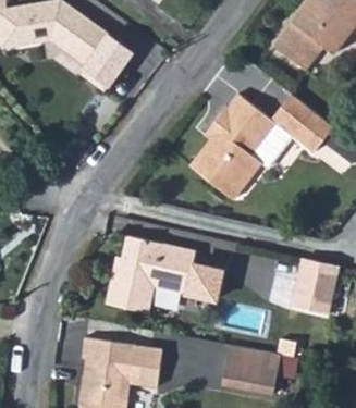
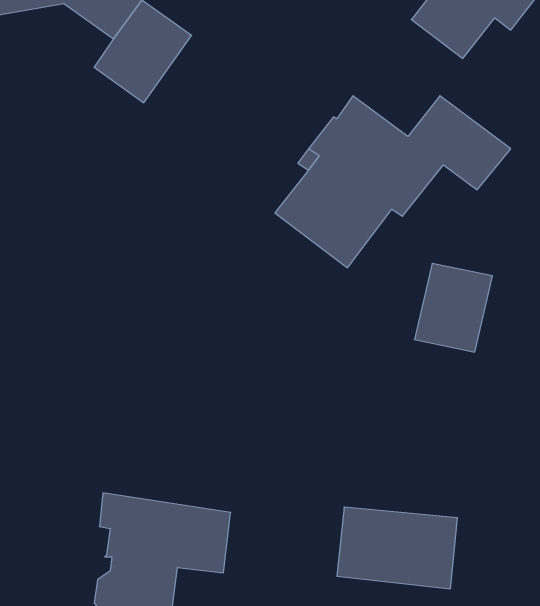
building: [106,235,222,312] -> none
building: [291,258,339,312] -> [414,263,492,352]

